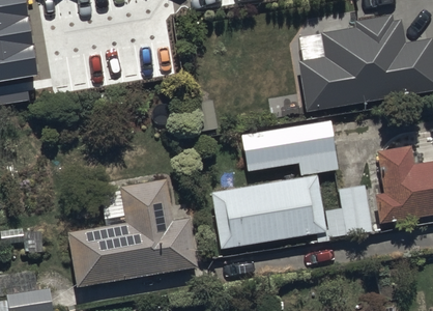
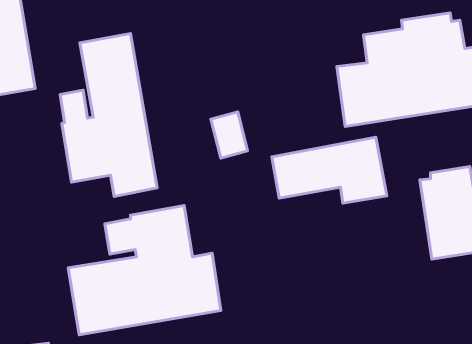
building: none -> [60,34,157,197]
building: [209,174,370,249] -> none

